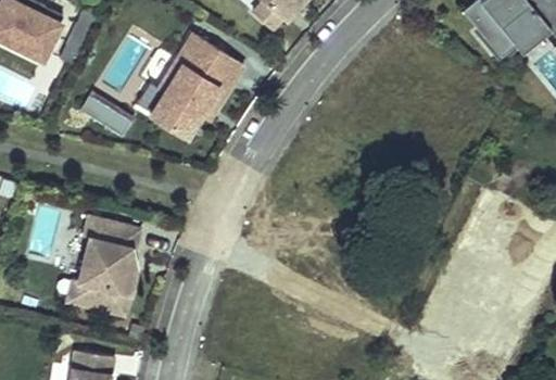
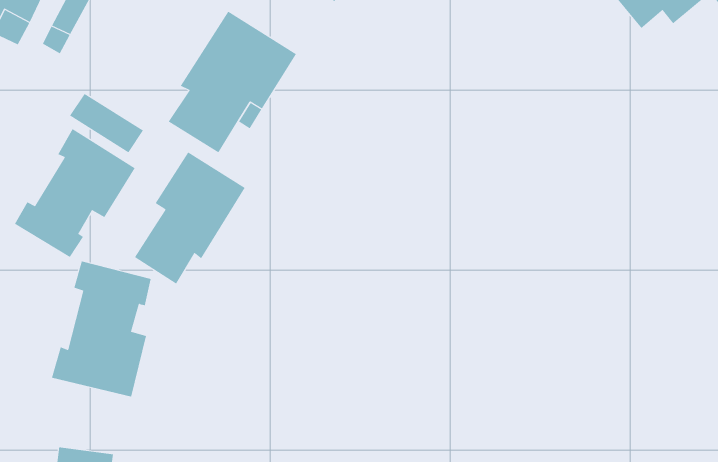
building: none -> [14,128,136,258]
building: none -> [134,151,245,284]

